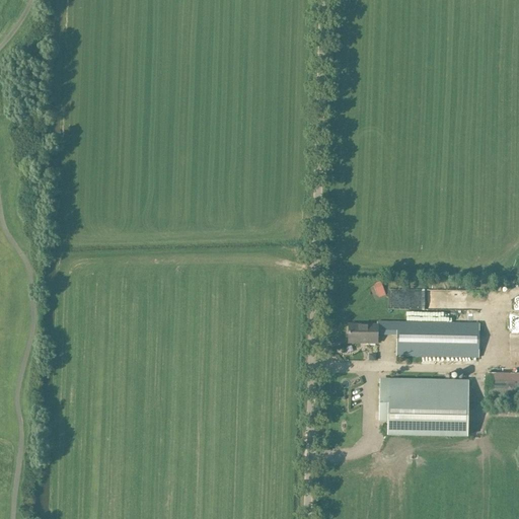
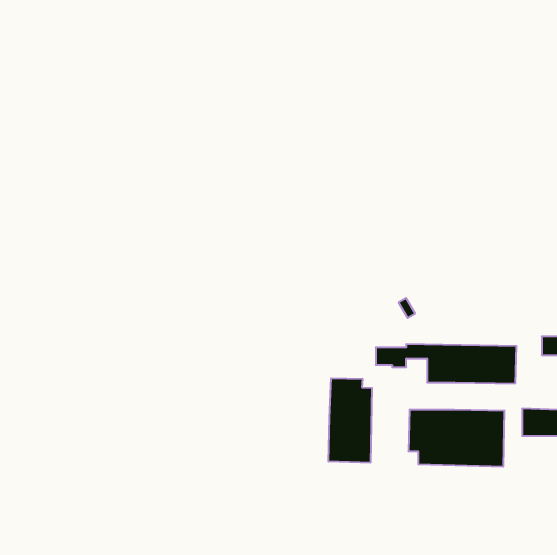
building: none -> [328,378,372,463]

